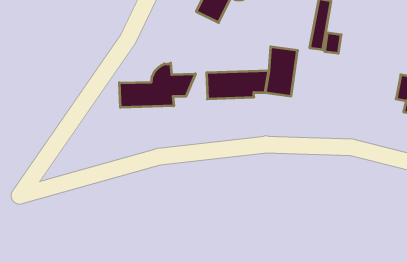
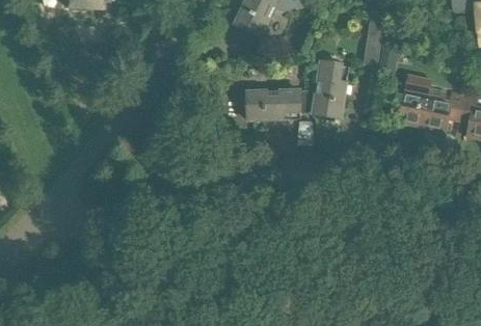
building: none -> [400,76,464,130]
building: [119,63,195,107] -> none

